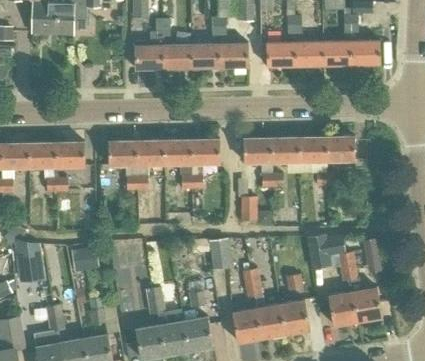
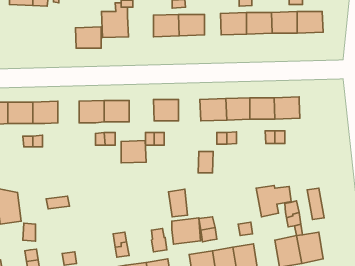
building: [162,46,191,70] -> [75,27,101,48]
building: [164,140,192,165] -> [121,141,146,163]
building: none -> [172,218,201,244]

